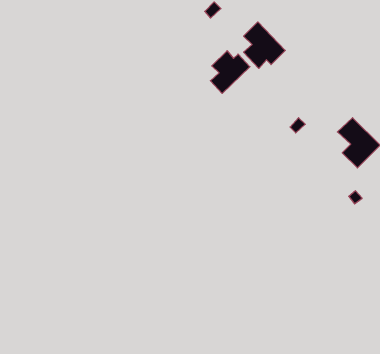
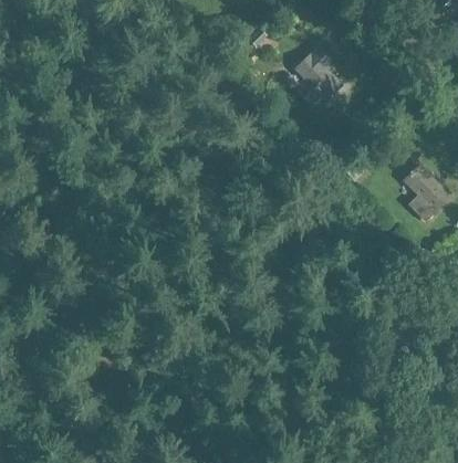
building: [210,51,250,93] -> none

